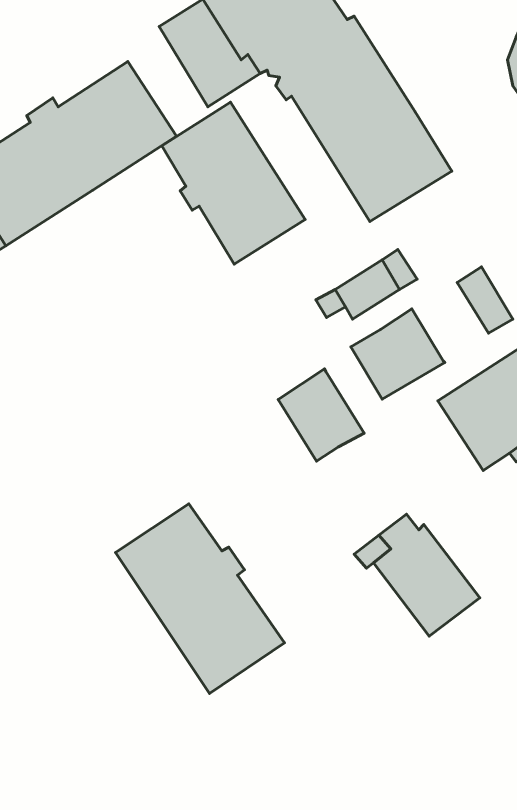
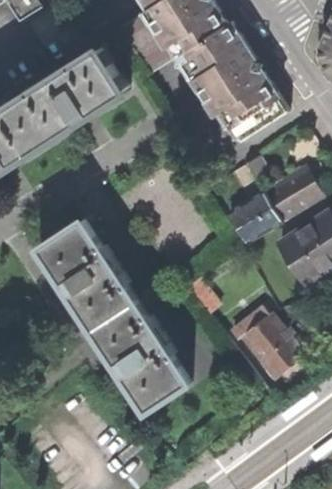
building: [162,102,305,264] -> none
building: none -> [261,174,305,219]
building: none -> [36,219,133,329]
building: [278,369,364,461] -> none

